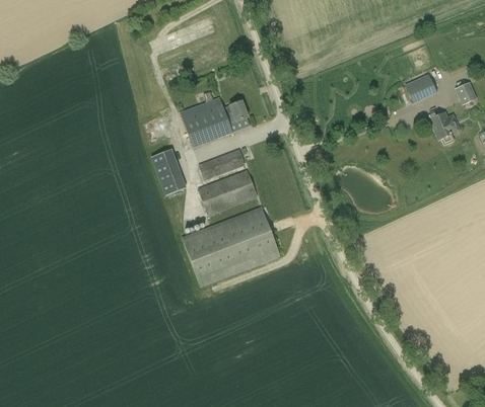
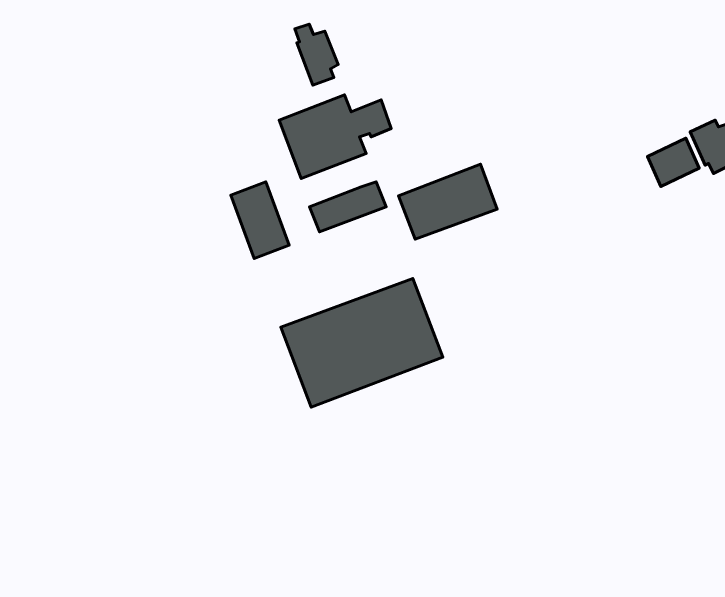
building: none -> [295,24,338,85]
building: [405,73,436,102] -> [647,138,699,186]
building: [197,169,257,215] -> [399,164,497,239]

